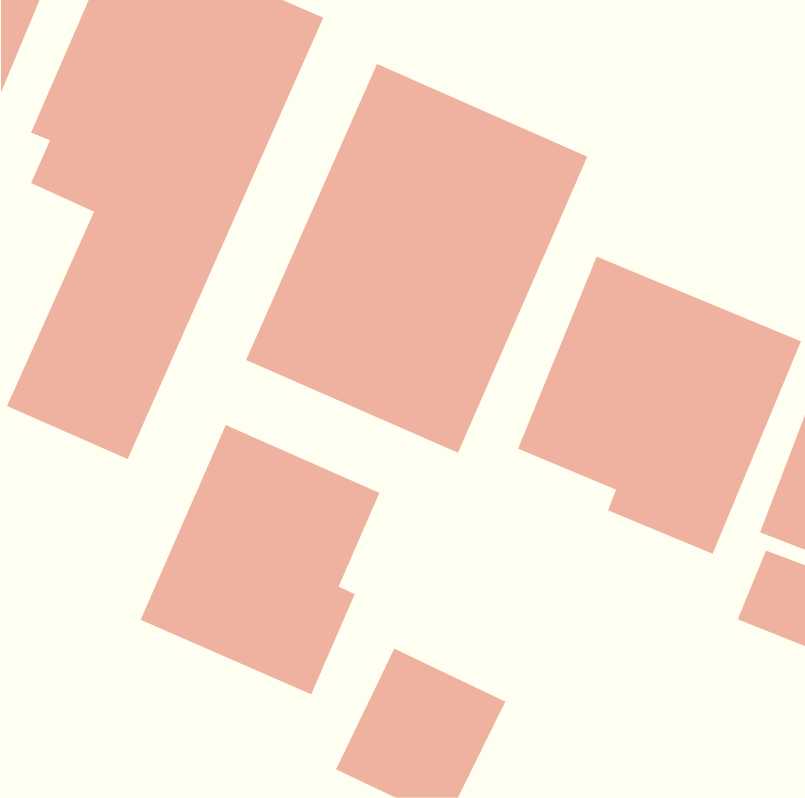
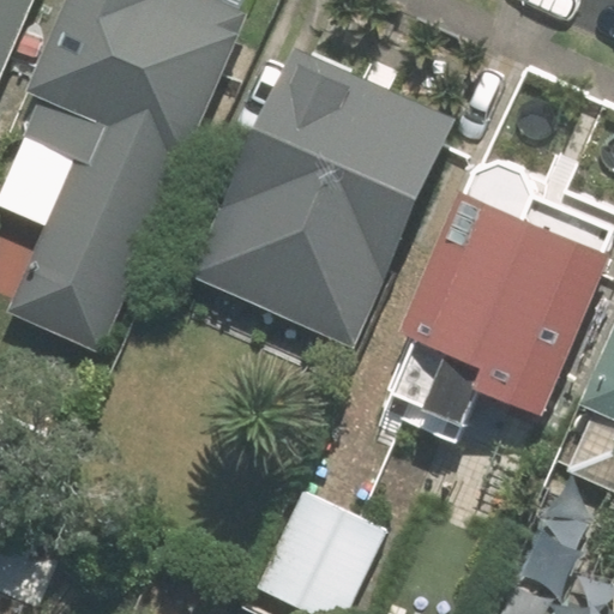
building: [140,424,380,695] -> none

